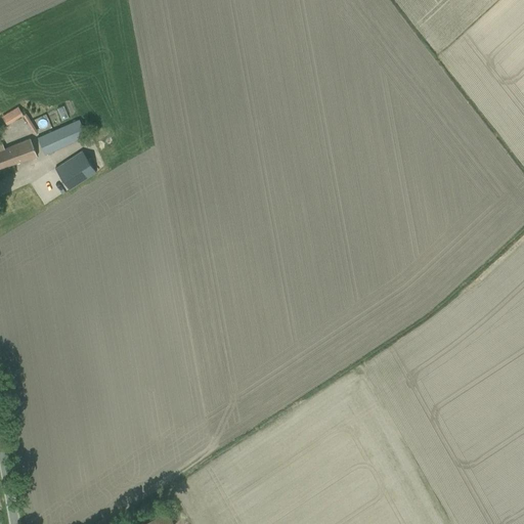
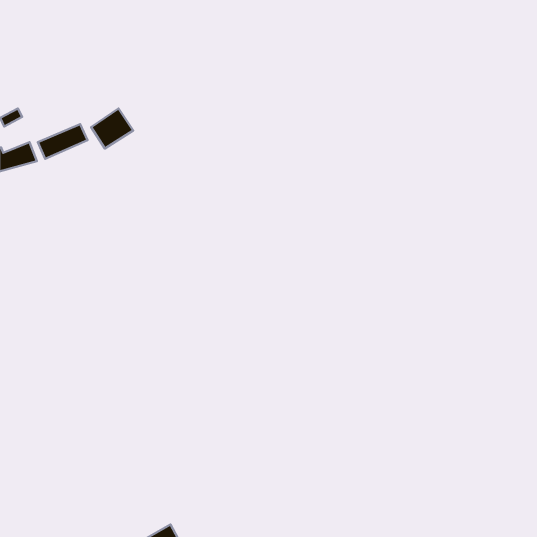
building: [54,151,95,190] -> [91,108,133,148]

